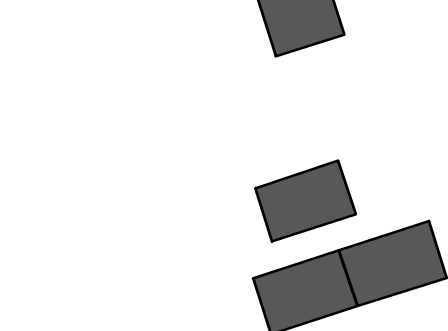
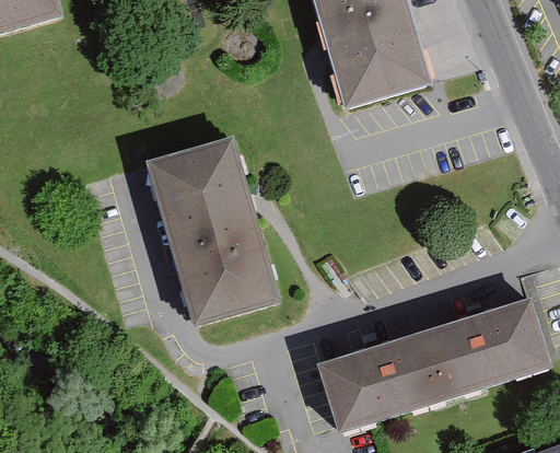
building: none -> [154,140,276,321]
building: [256,161,356,242] -> none

